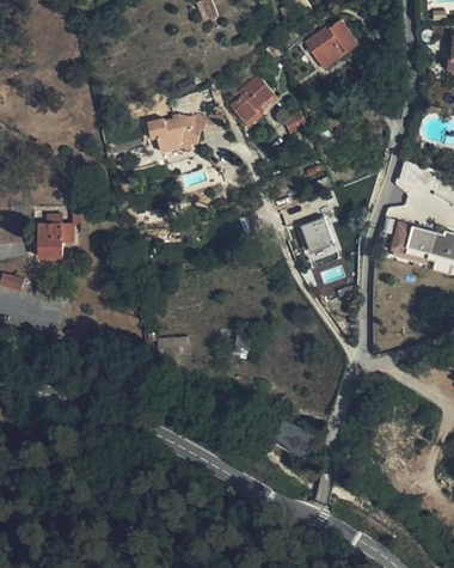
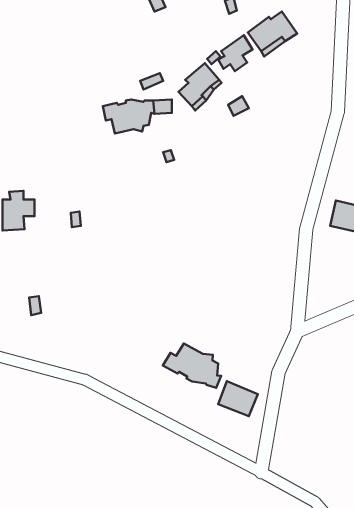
building: none -> [218,35,253,71]
building: [299,216,333,252] -> none
building: none -> [163,343,221,388]

